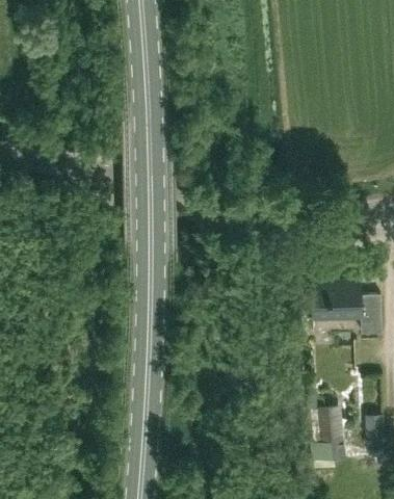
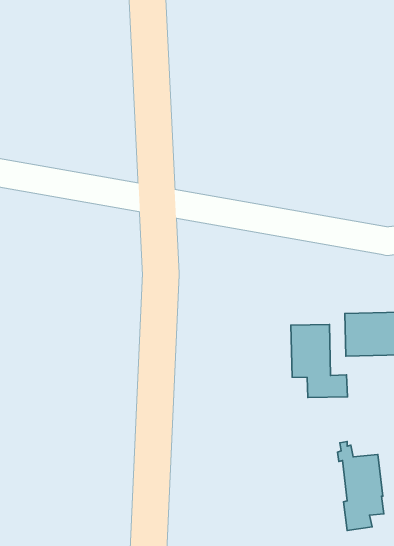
building: none -> [291,325,348,397]

